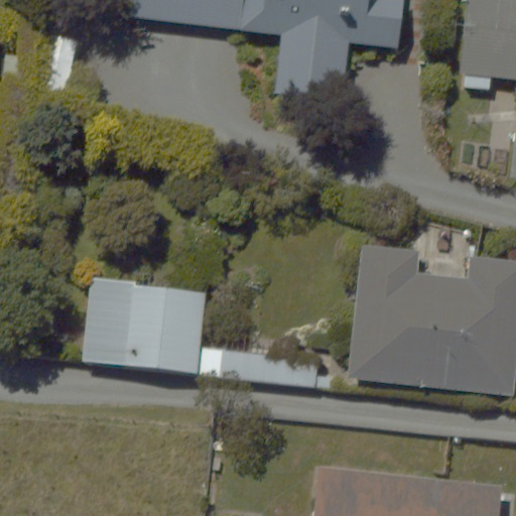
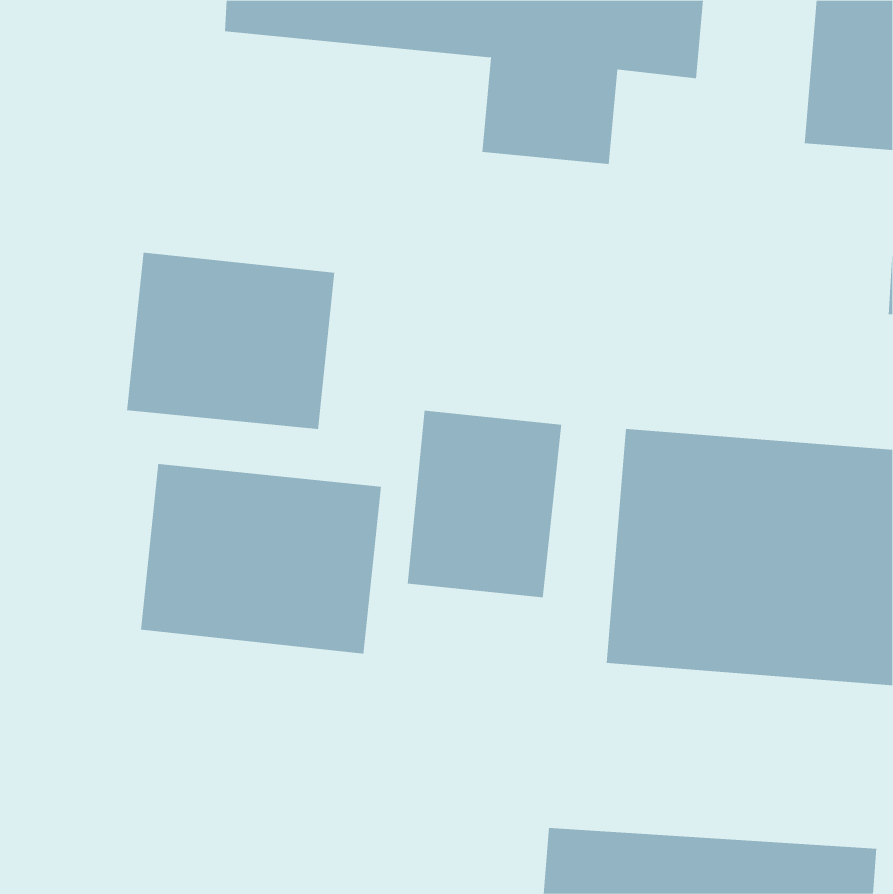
building: none -> [127,252,335,430]
building: none -> [407,410,562,598]

